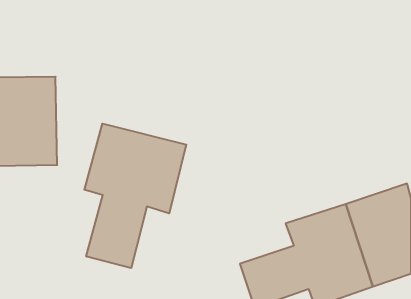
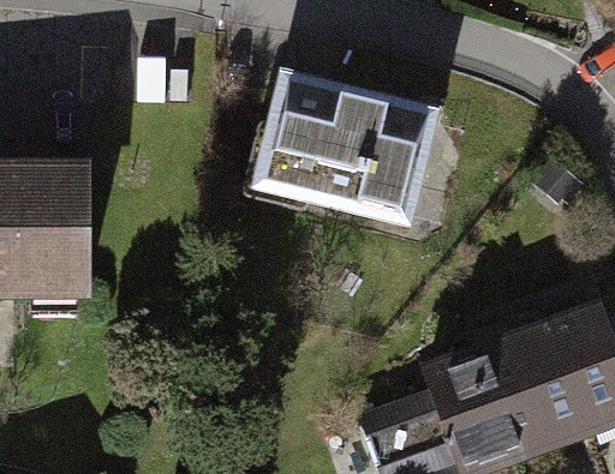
building: none -> [252,78,446,239]
building: [84,124,186,268] -> none

